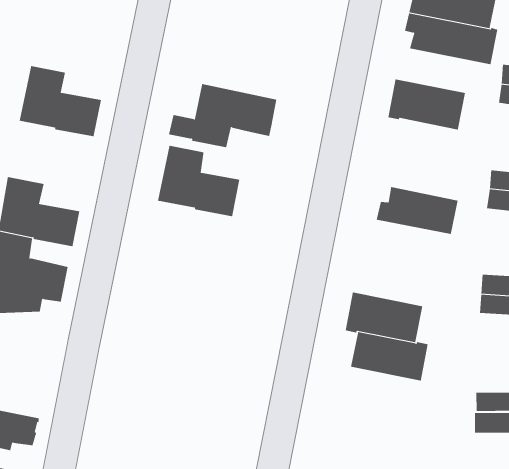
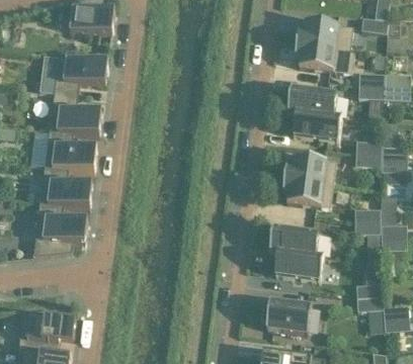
building: [168,83,277,148] -> [38,55,107,95]
building: none -> [292,110,341,140]
building: [157,145,240,217] -> [44,128,96,172]
building: none -> [281,177,333,206]
building: none -> [259,297,311,333]

